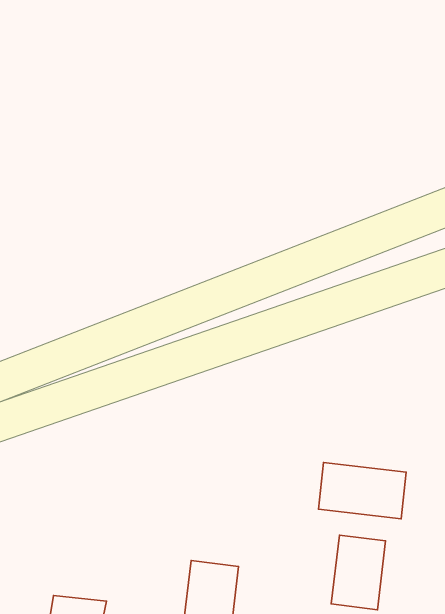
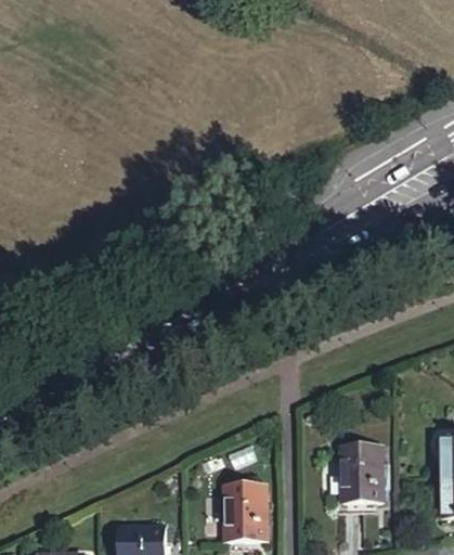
building: [319,462,406,519] -> none

